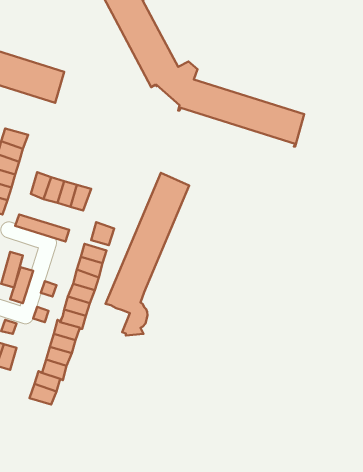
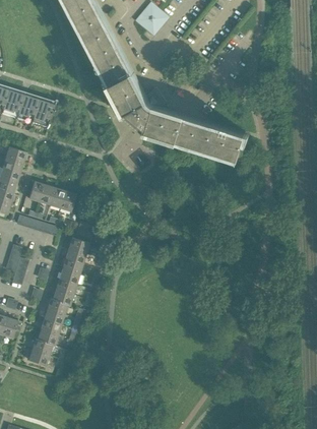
building: [105,173,189,335] -> none

